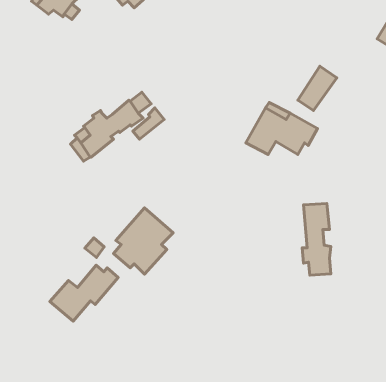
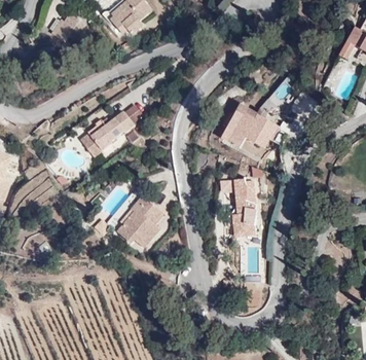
building: [302,203,331,275] -> [232,180,255,237]
building: [50,265,118,321] -> none

